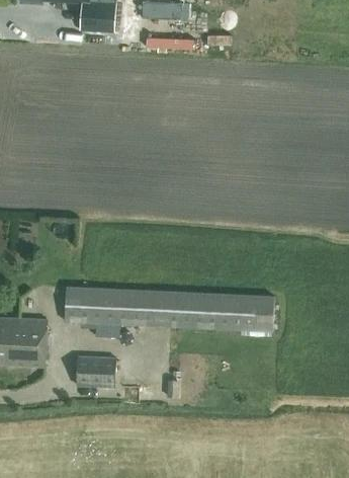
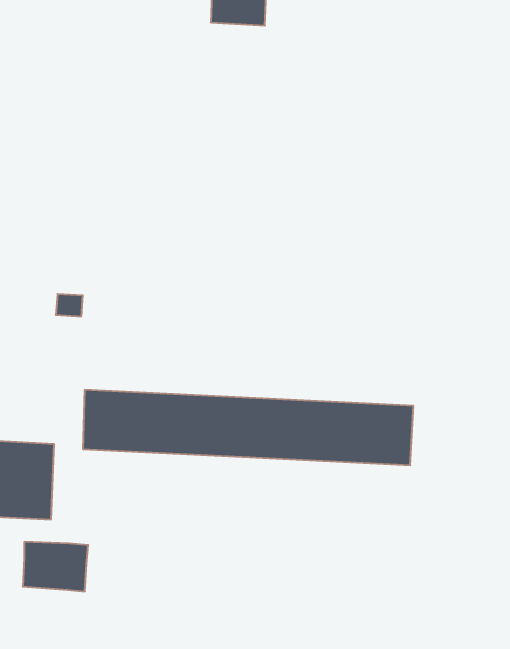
building: [77,357,118,389] -> [23,542,88,591]

